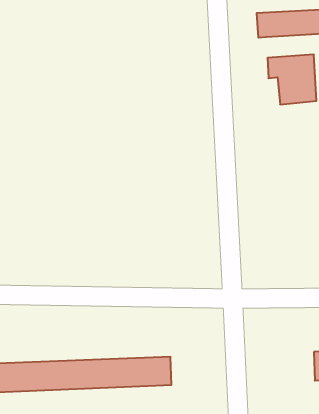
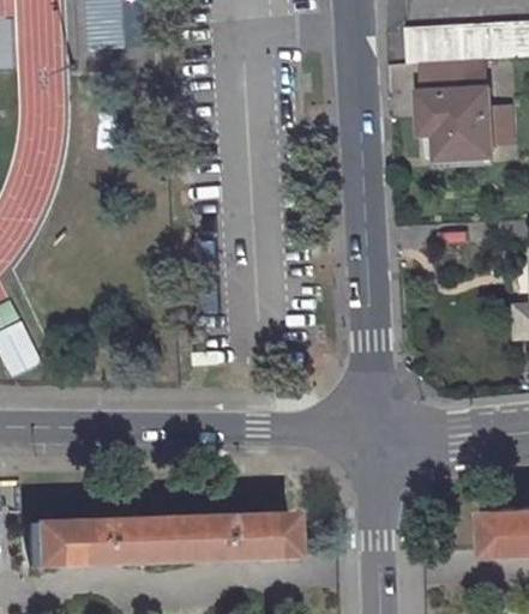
building: none -> [423,58,491,91]

